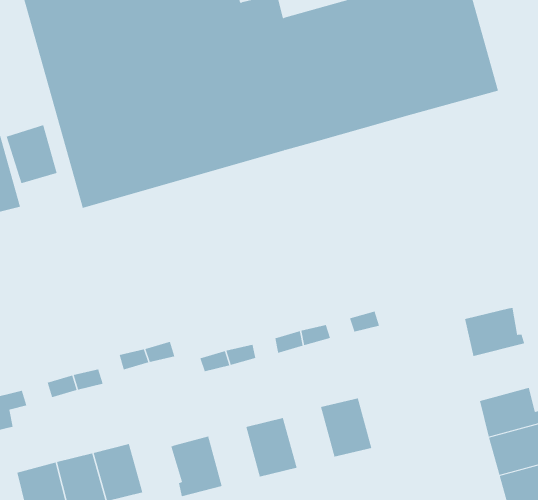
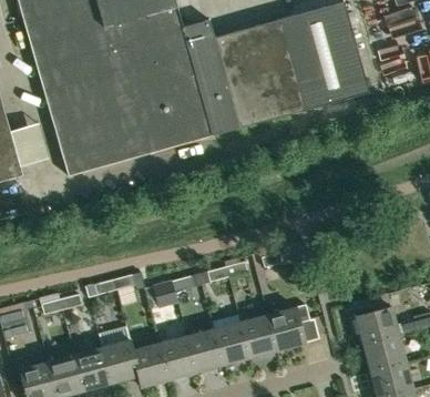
building: [465,307,525,357] -> none
building: none -> [268,305,310,352]
building: none -> [212,315,250,366]
building: none -> [99,326,140,384]
building: none -> [160,336,196,379]

